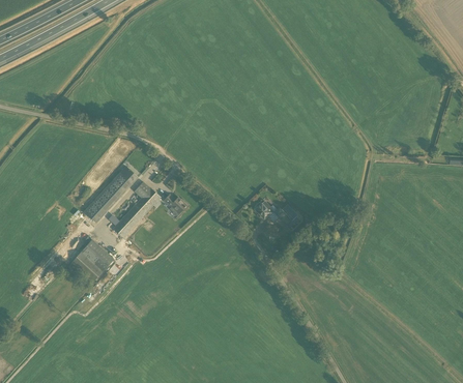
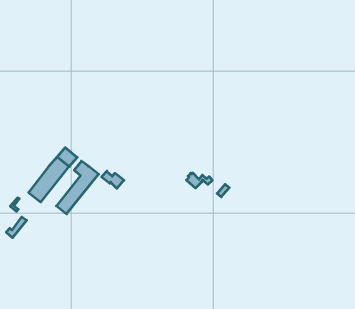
building: [69,238,114,284] -> none

